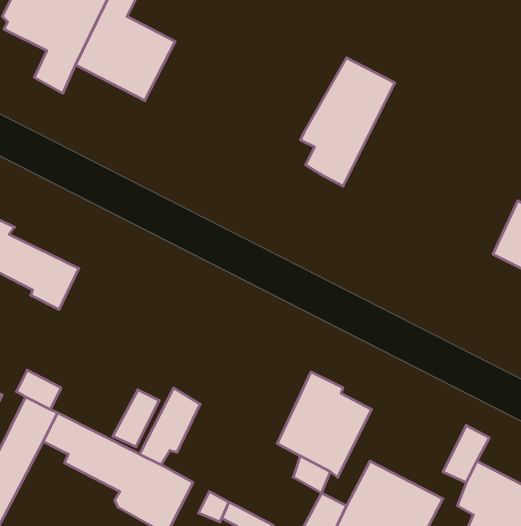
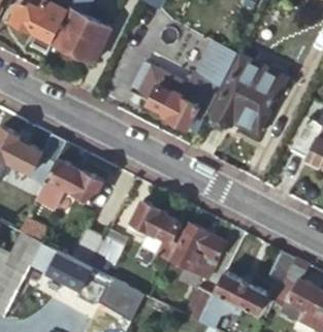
building: none -> [212,55,287,134]
building: none -> [125,58,195,127]
building: none -> [36,158,103,205]
building: none -> [124,200,180,260]

